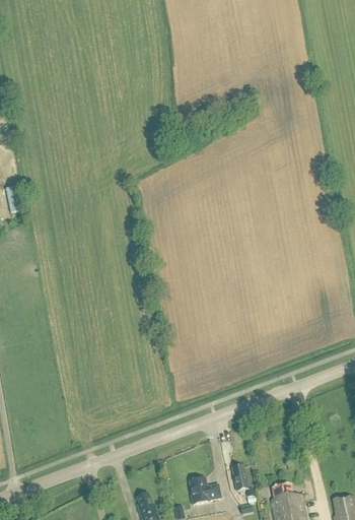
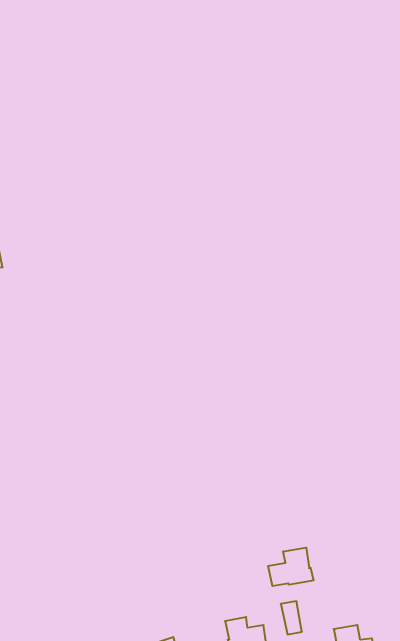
building: none -> [268,548,314,586]

